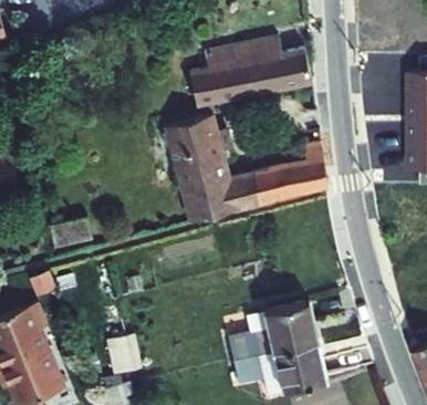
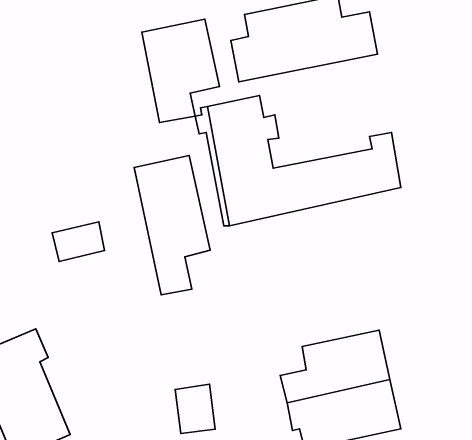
building: none -> [142,19,219,123]
building: none -> [134,156,210,295]
building: [108,331,140,371] -> [175,384,215,433]

